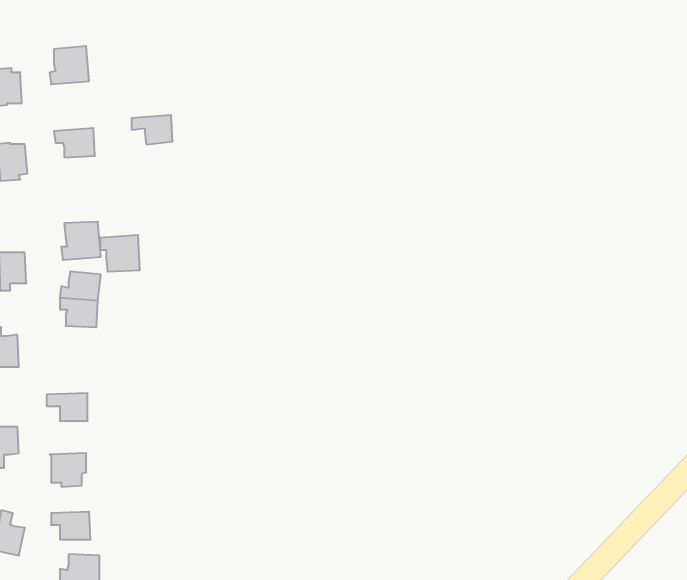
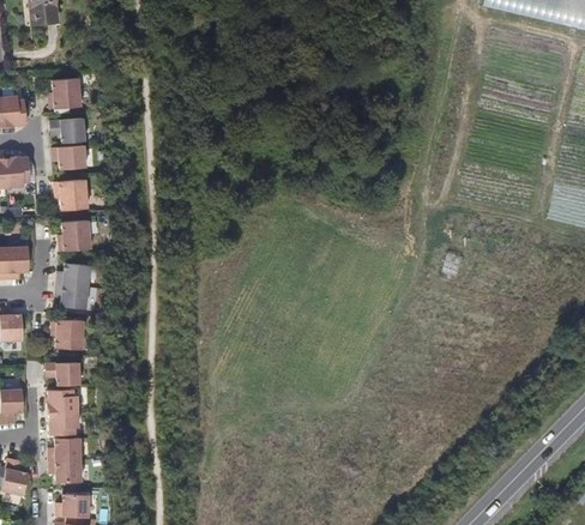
building: [132,115,173,144] -> [50,119,84,143]
building: [100,235,140,272] -> [55,180,88,210]
building: none -> [52,319,84,349]
building: none -> [47,385,78,412]
building: none -> [49,437,80,460]

